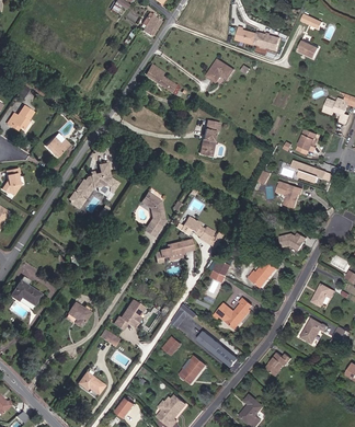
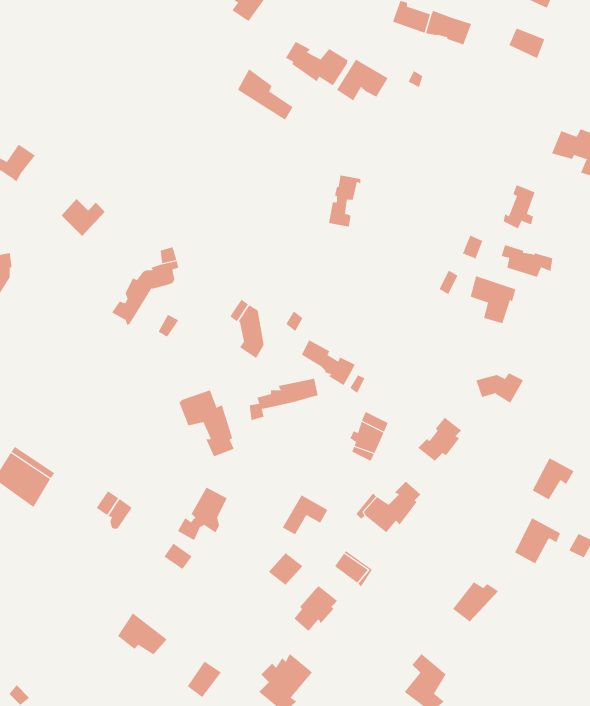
building: none -> [285,41,348,86]
building: none -> [179,389,235,457]

